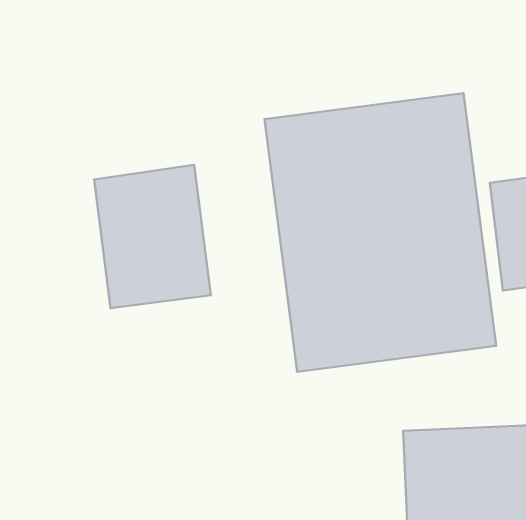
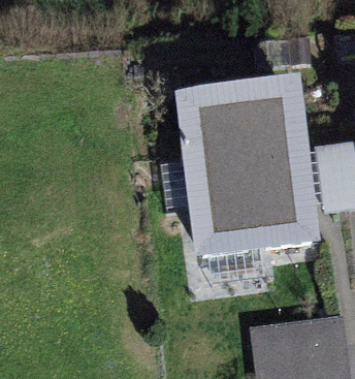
building: [94,165,211,308] -> none

